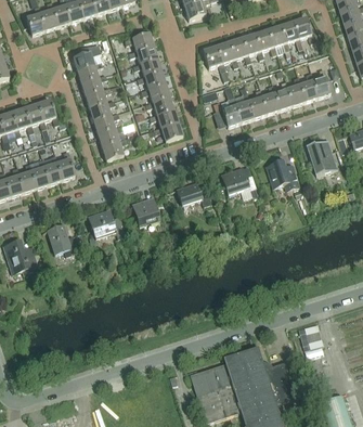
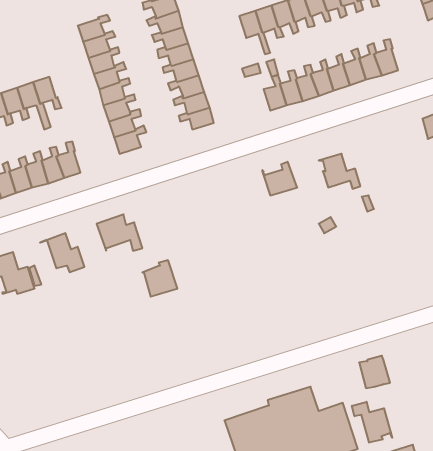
building: [306,139,337,174] -> none
building: [176,182,210,206] -> none
building: [131,196,159,225] -> [142,260,177,297]
building: none -> [352,402,392,443]

